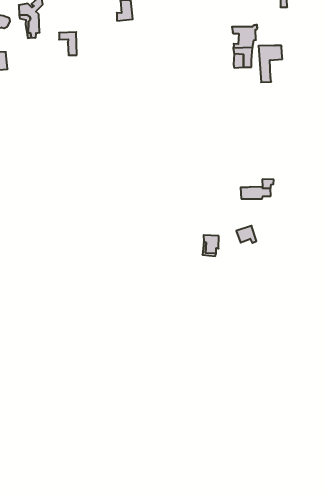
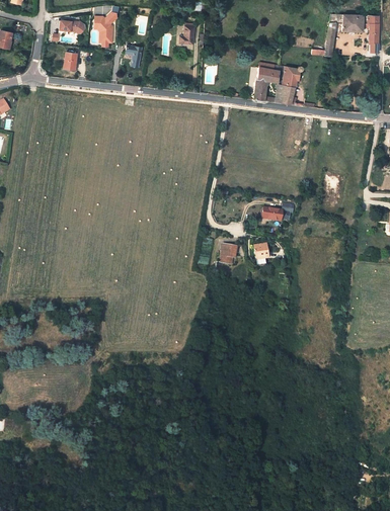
building: [258,46,282,82] -> [255,67,279,100]

